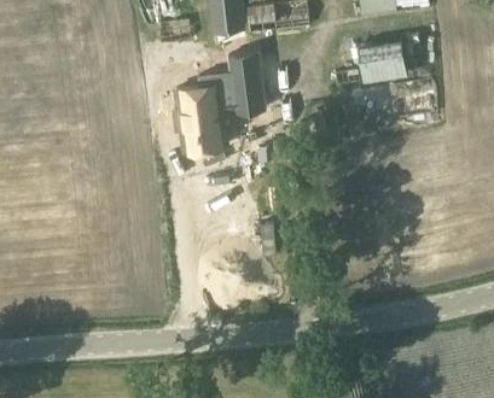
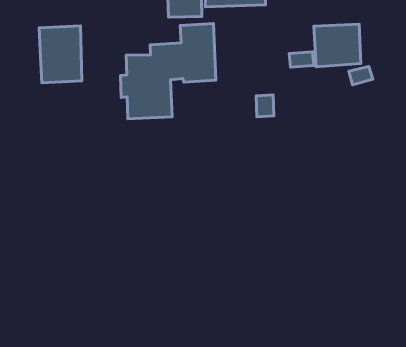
building: none -> [39,26,82,83]

